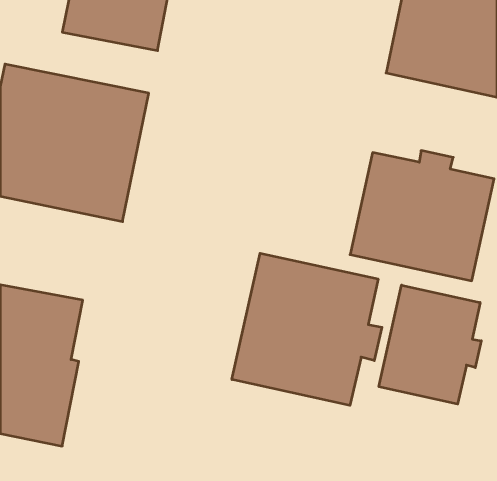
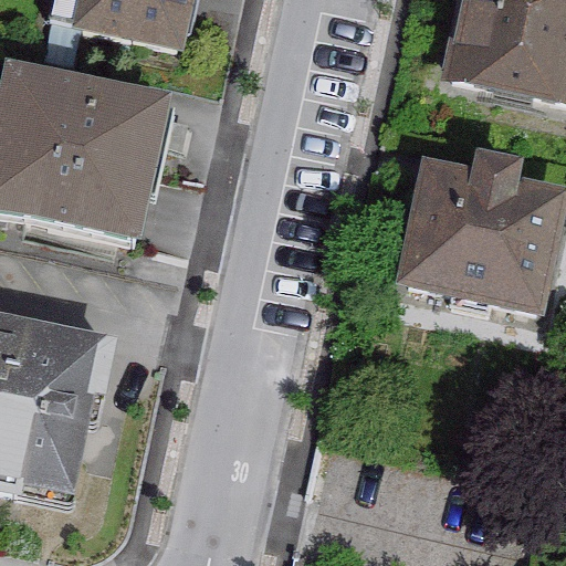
building: [232,253,382,405] -> none
building: [379,285,481,404] -> none

